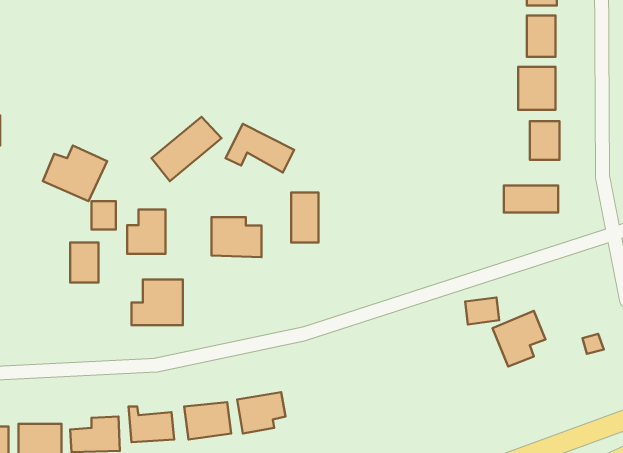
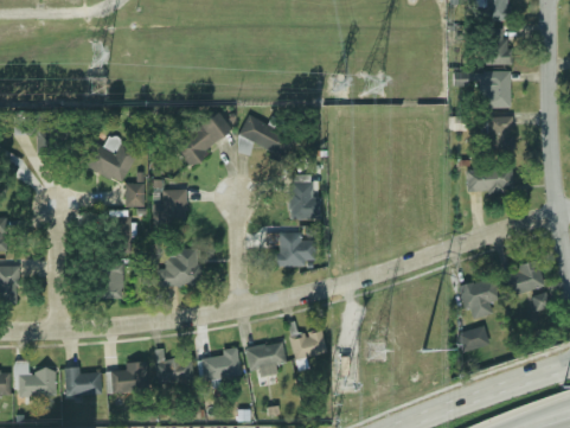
building: [212,217,262,257] -> [274,232,315,266]
building: none -> [502,260,544,296]
building: none -> [97,262,122,298]
building: [465,297,499,324] -> [459,327,487,350]
building: none -> [289,327,327,360]

